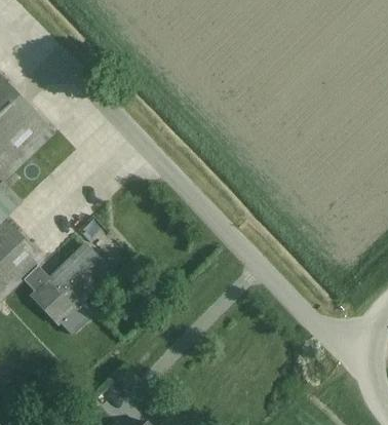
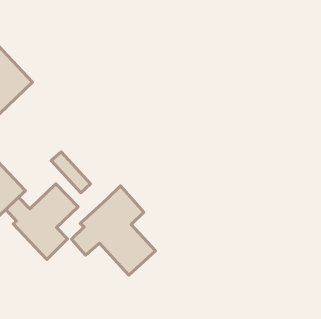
building: none -> [71,186,155,275]

